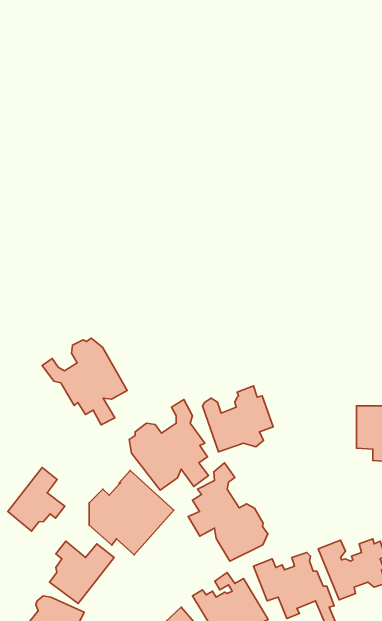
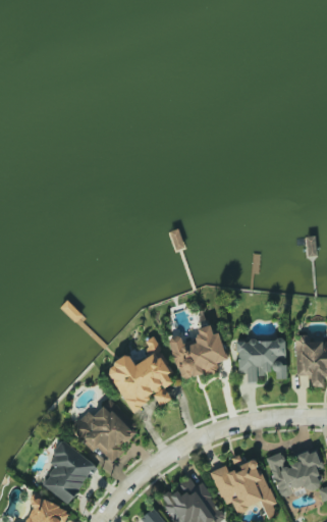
building: [42,338,127,425] -> none
building: none -> [235,336,287,383]
building: [188,463,268,561] -> none
building: [8,468,65,531] -> none

